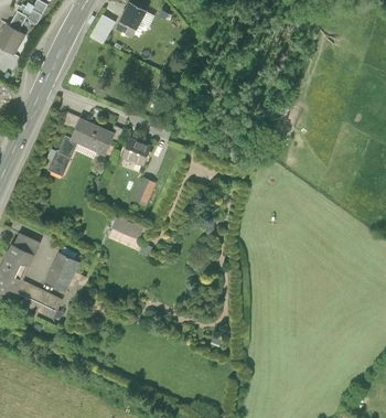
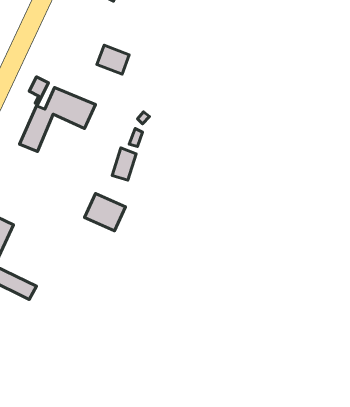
building: [121,139,151,165] -> [97,45,129,74]
building: [43,253,79,293] -> none

